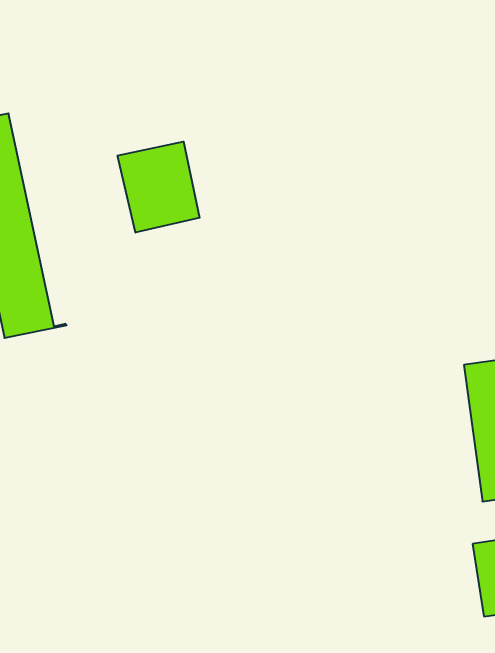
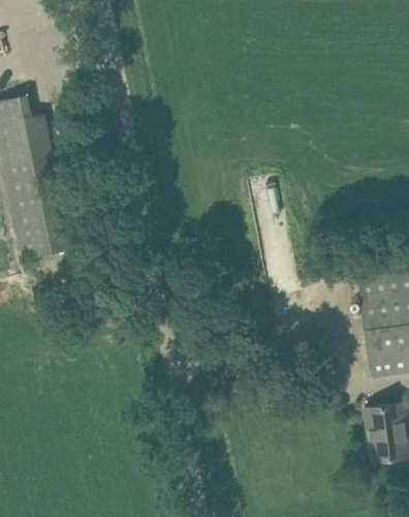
building: [118,142,200,233] -> none

